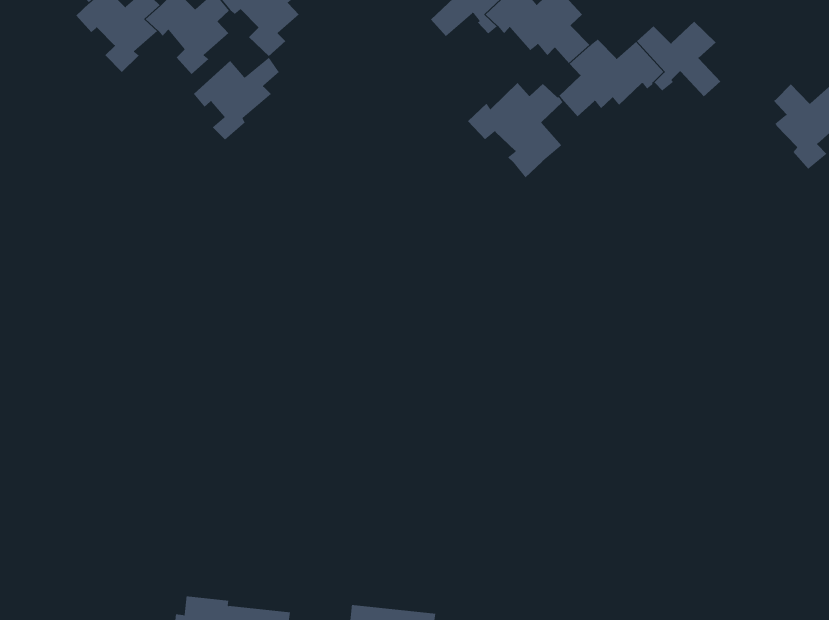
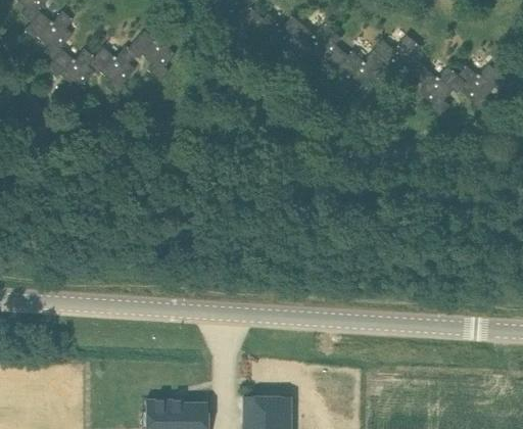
building: [193,57,280,141] -> none
building: none -> [417,65,466,116]
building: [467,82,563,178] -> none

